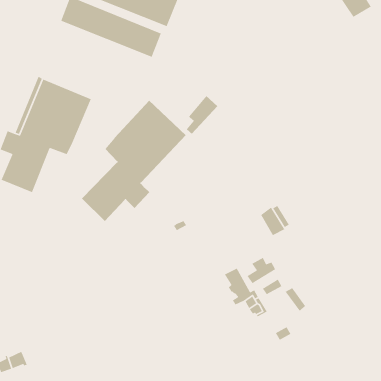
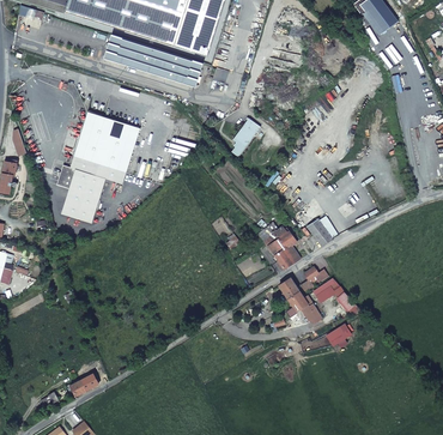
building: [81,100,186,222] -> none
building: none -> [257,222,301,271]

